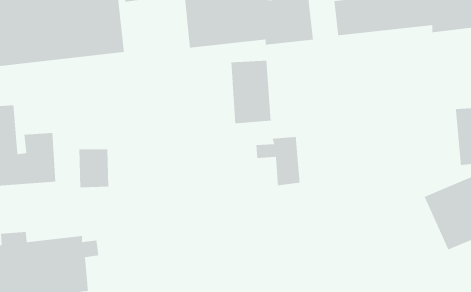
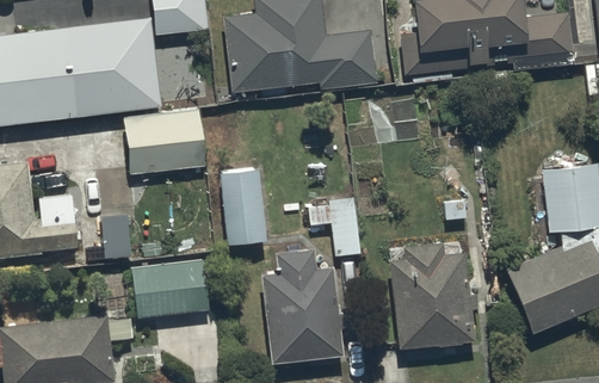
building: none -> [119,107,200,172]
building: [230,60,271,124] -> [218,168,266,243]
building: none -> [390,242,477,347]
building: none -> [261,248,347,363]
building: none -> [132,259,208,315]

